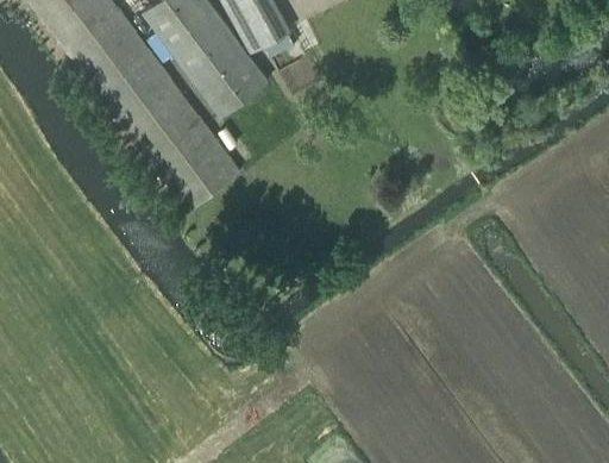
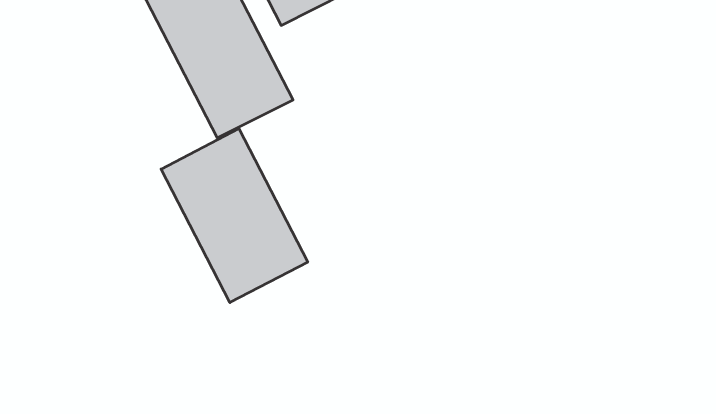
building: none -> [161,129,308,303]

